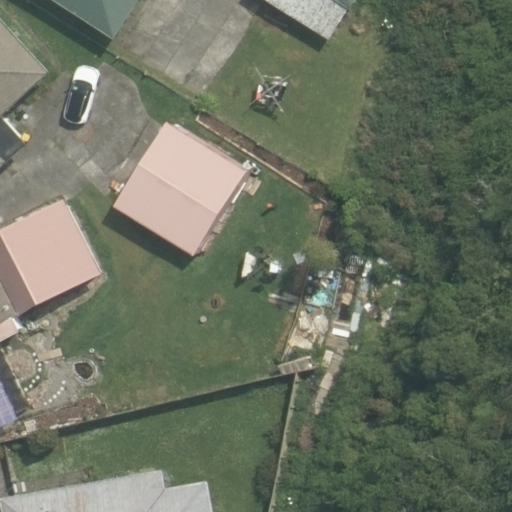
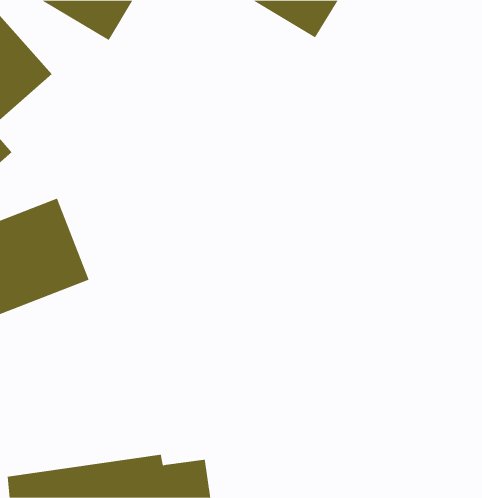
building: [115,123,222,251] -> none

